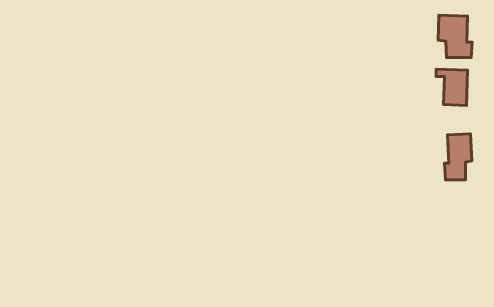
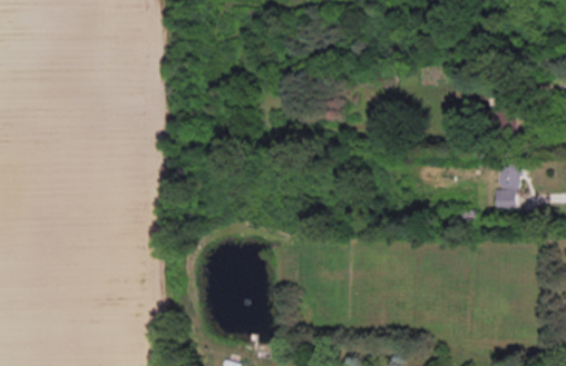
building: [438,15,472,57] -> none

